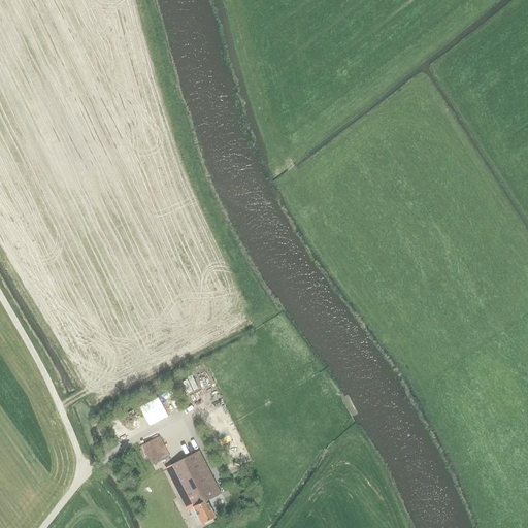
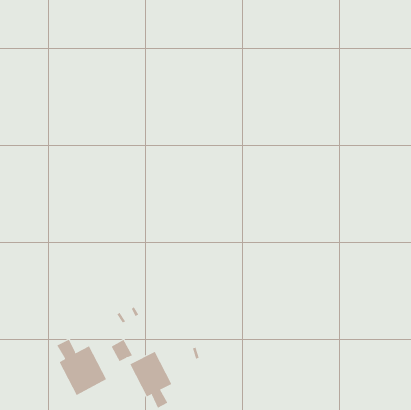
building: none -> [57,339,107,396]

